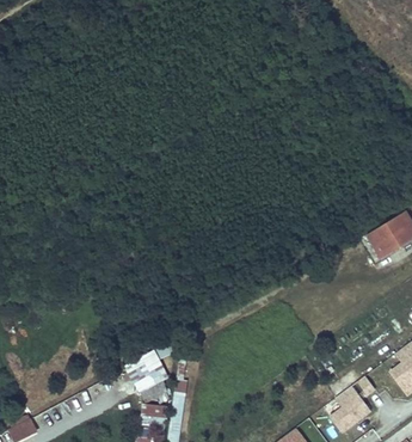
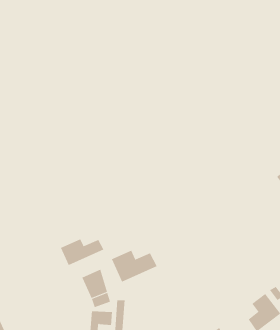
building: none -> [60,238,104,266]
building: none -> [111,250,158,283]

